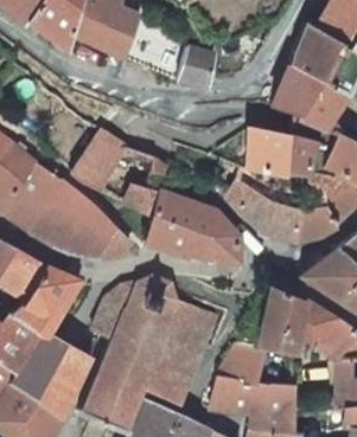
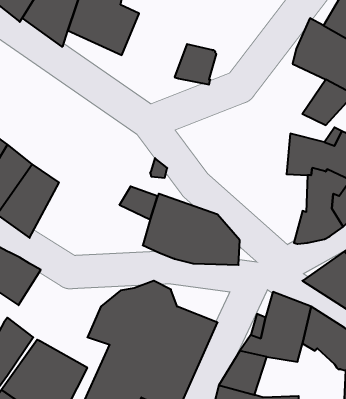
building: [270,66,321,115] -> none
building: [246,124,287,174] -> none
building: [71,137,127,189] -> none
building: [225,180,299,239] -> none
building: [36,181,132,258] -> none
building: [14,265,81,334] -> none

